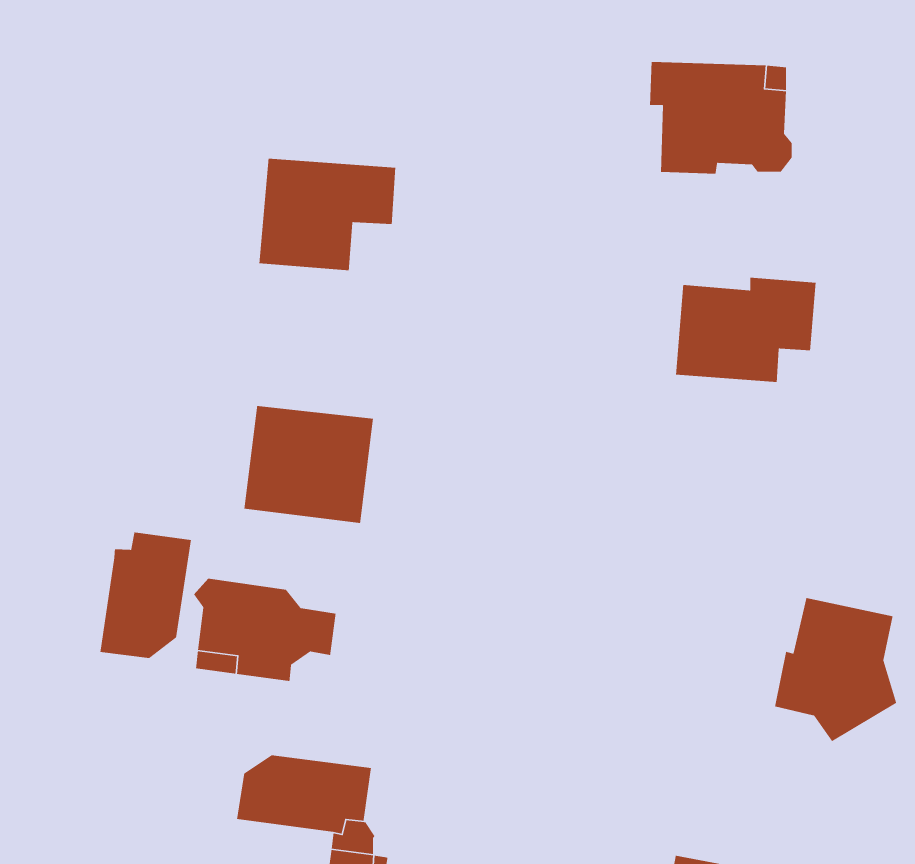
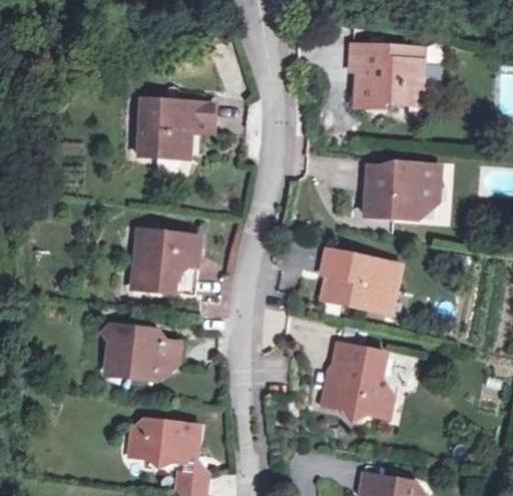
building: none -> [321,249,399,314]
building: [99,531,192,659] -> none
building: [774,597,897,742] -> [322,343,388,421]

